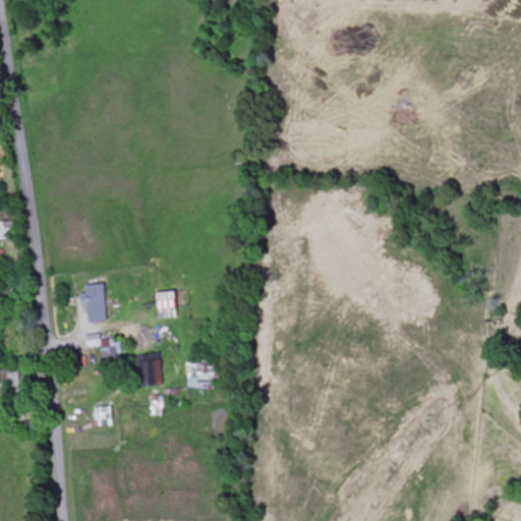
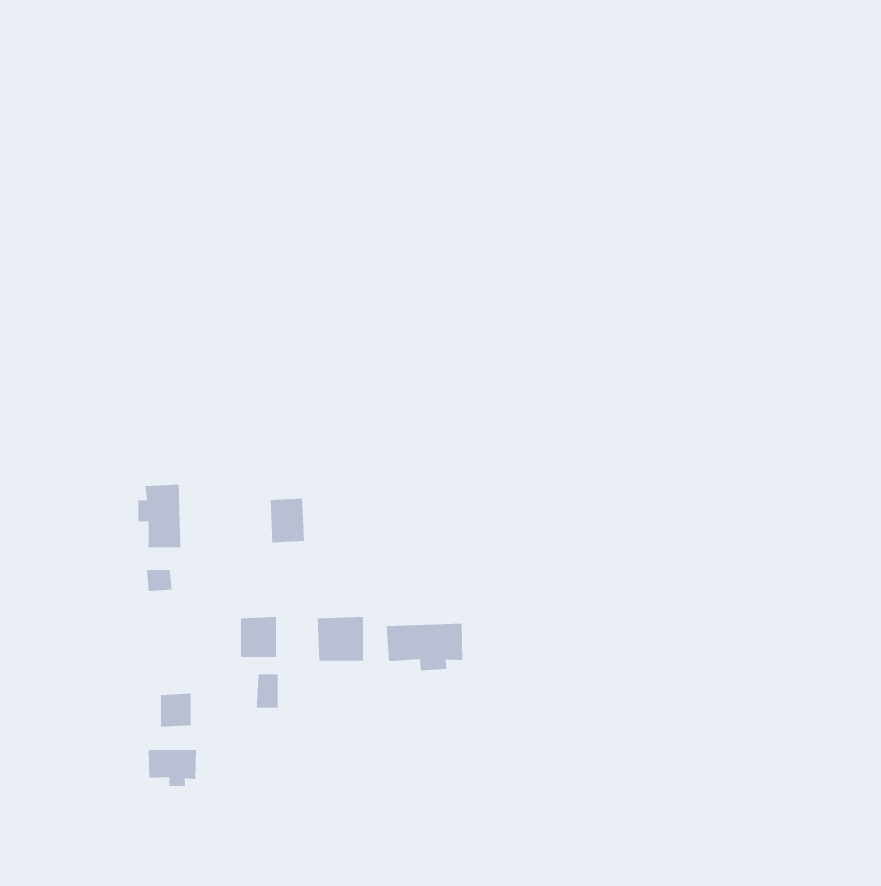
building: none -> [386,623,463,671]
building: none -> [148,749,197,787]

